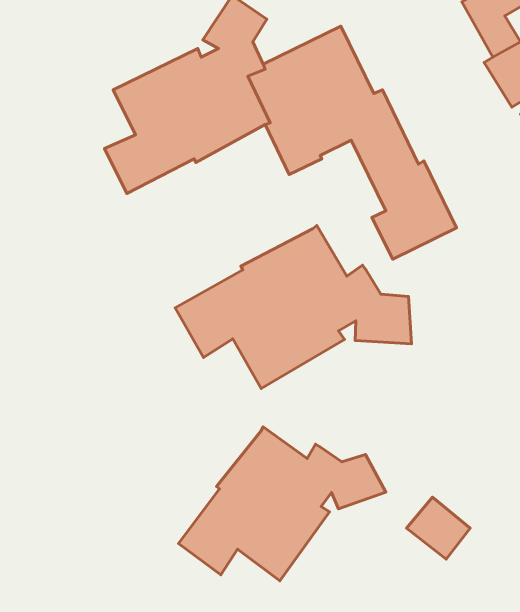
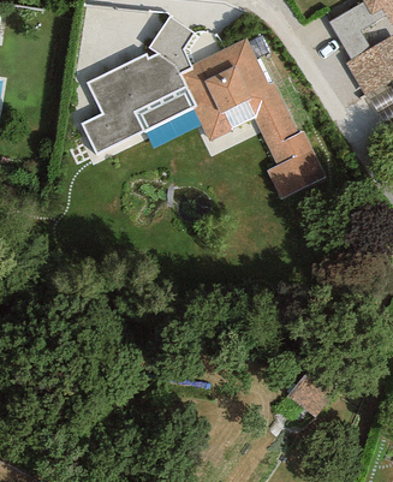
building: [175,225,411,388] -> none
building: [179,427,386,581] -> none

